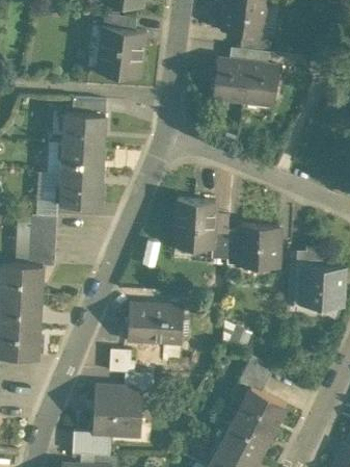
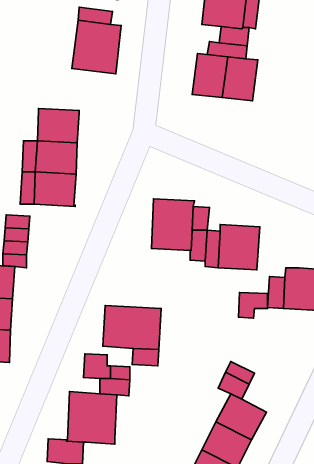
building: [289,251,317,276] -> [238,292,267,318]

